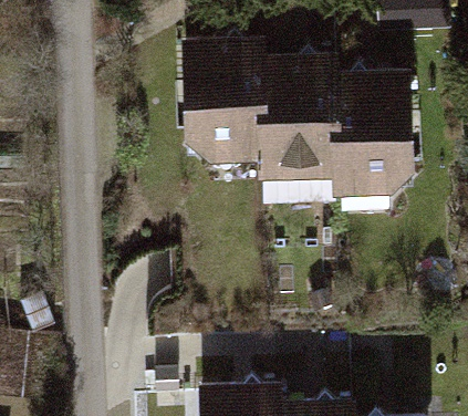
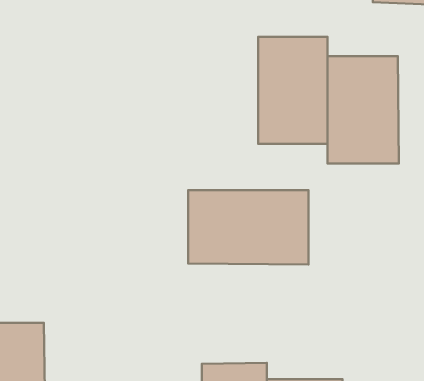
building: [183,42,268,160] -> none
building: none -> [188,190,309,264]

